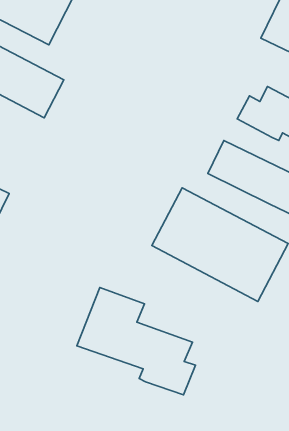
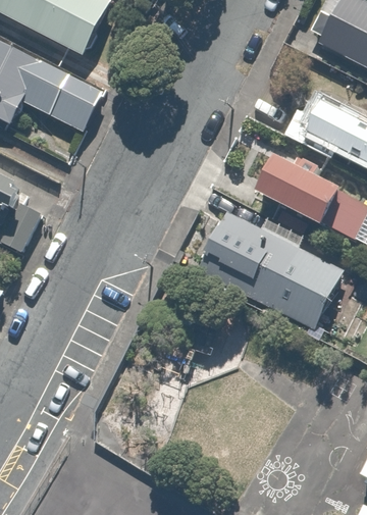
building: [77,287,195,395] -> none

